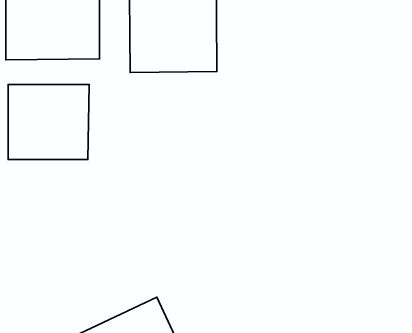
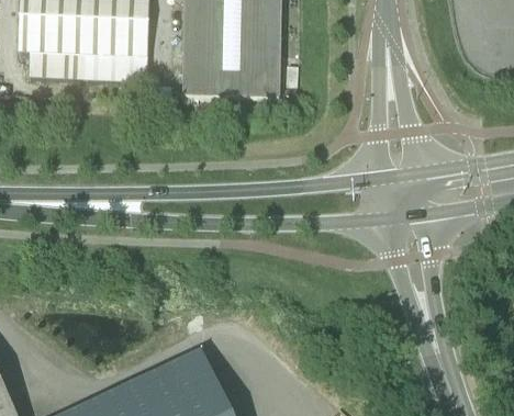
building: [8,84,89,160] -> none

